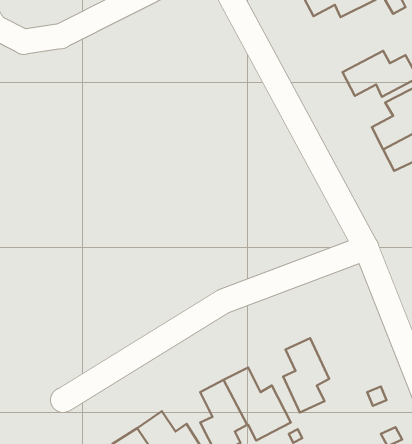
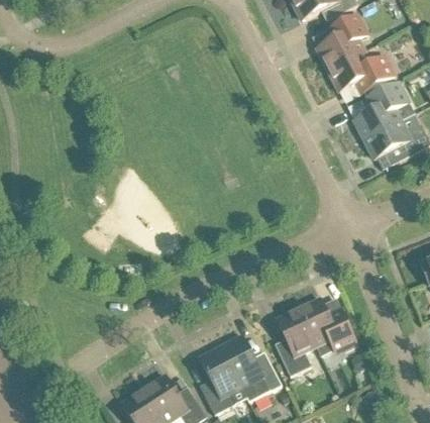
building: none -> [316,13,367,70]
building: none -> [298,298,356,349]

